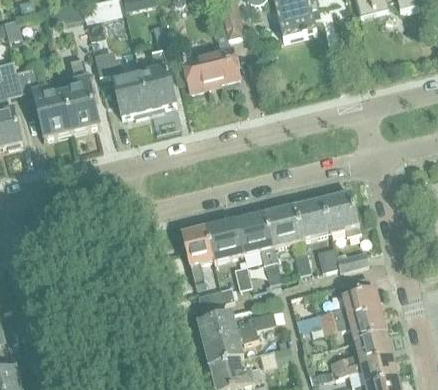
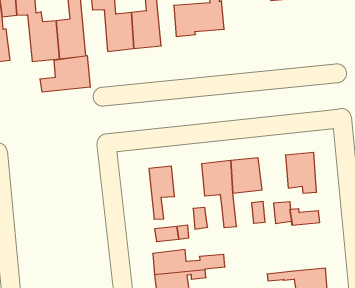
building: none -> [40,56,90,92]
building: [294,199,330,239] -> none
building: [205,221,244,261] -> none
building: [306,277,381,329] -> none

